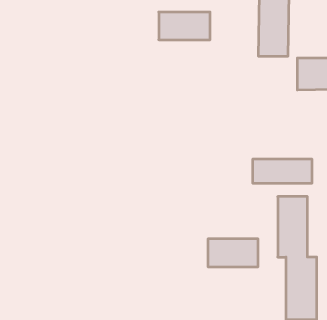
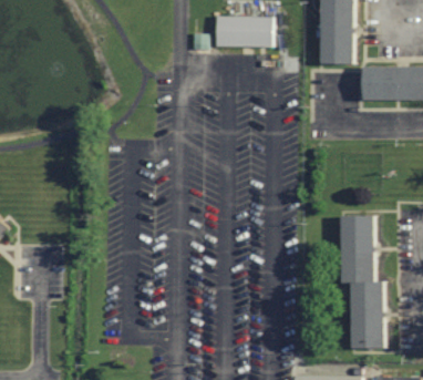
building: [253,159,312,183] -> none
building: [208,239,258,267] -> none

